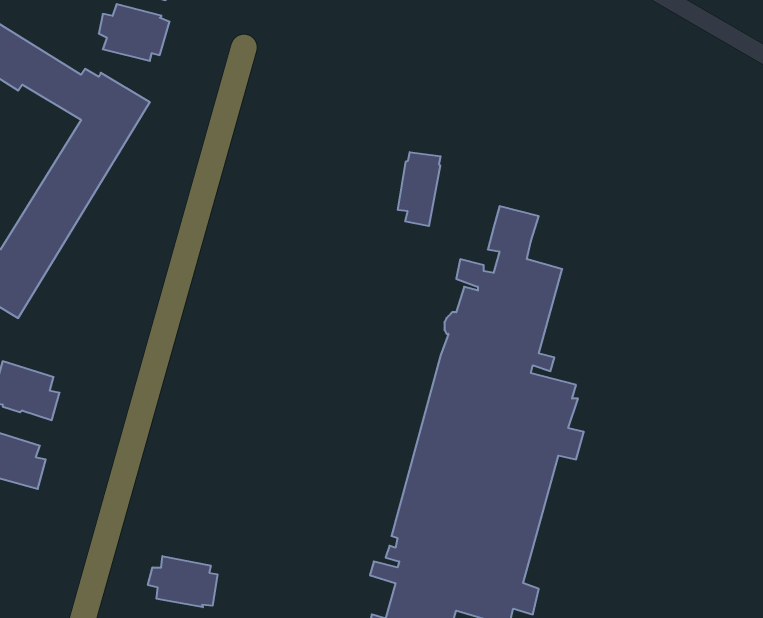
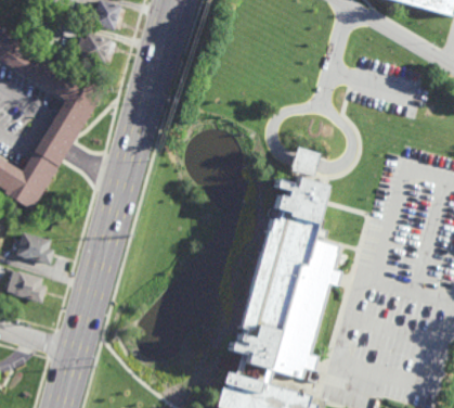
building: [398,152,441,226] -> none
building: [148,556,217,607] -> none

